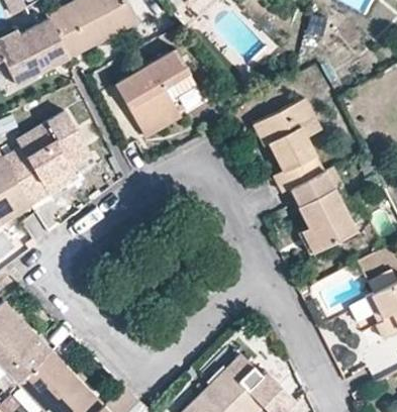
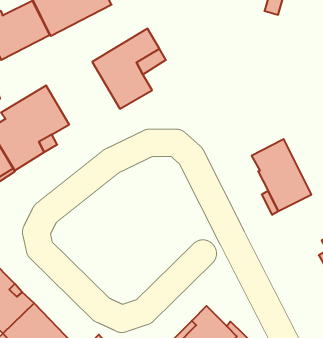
building: [253,98,323,193] -> none

